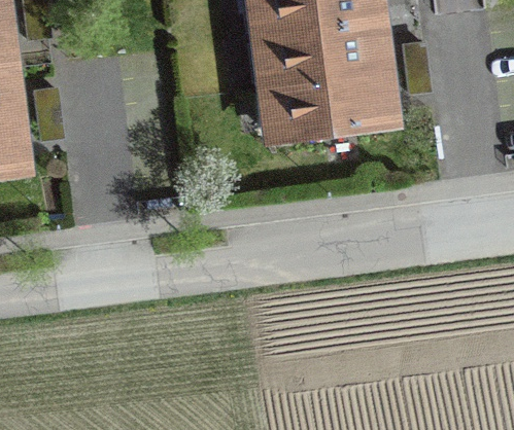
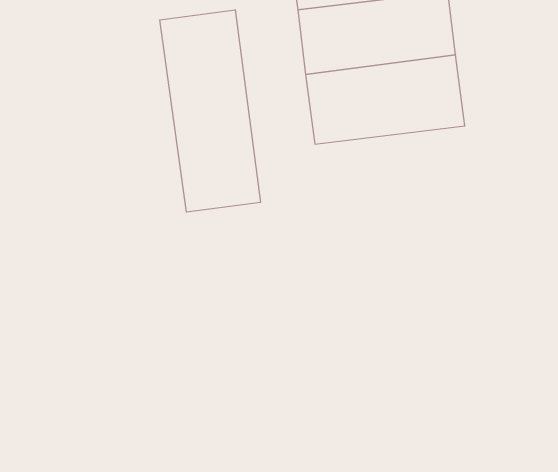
building: none -> [160,10,261,212]

